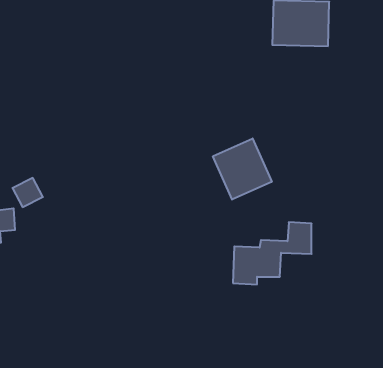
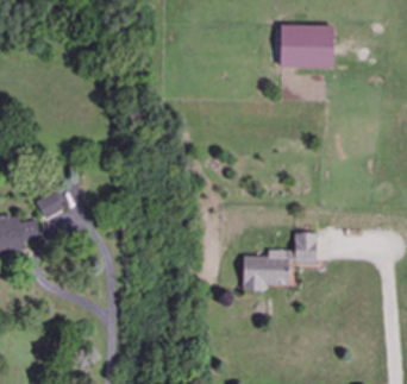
building: [213,138,272,200] -> none

